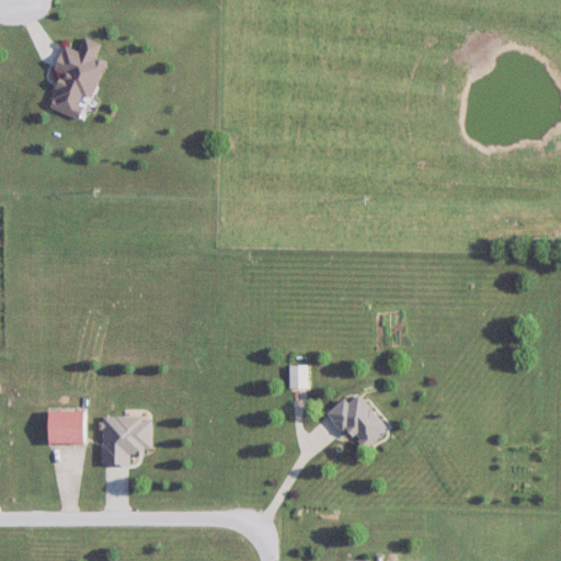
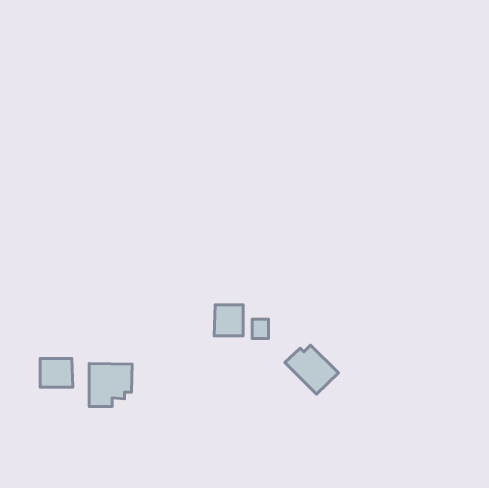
building: [47,36,105,118] -> none
building: none -> [214,305,243,336]

